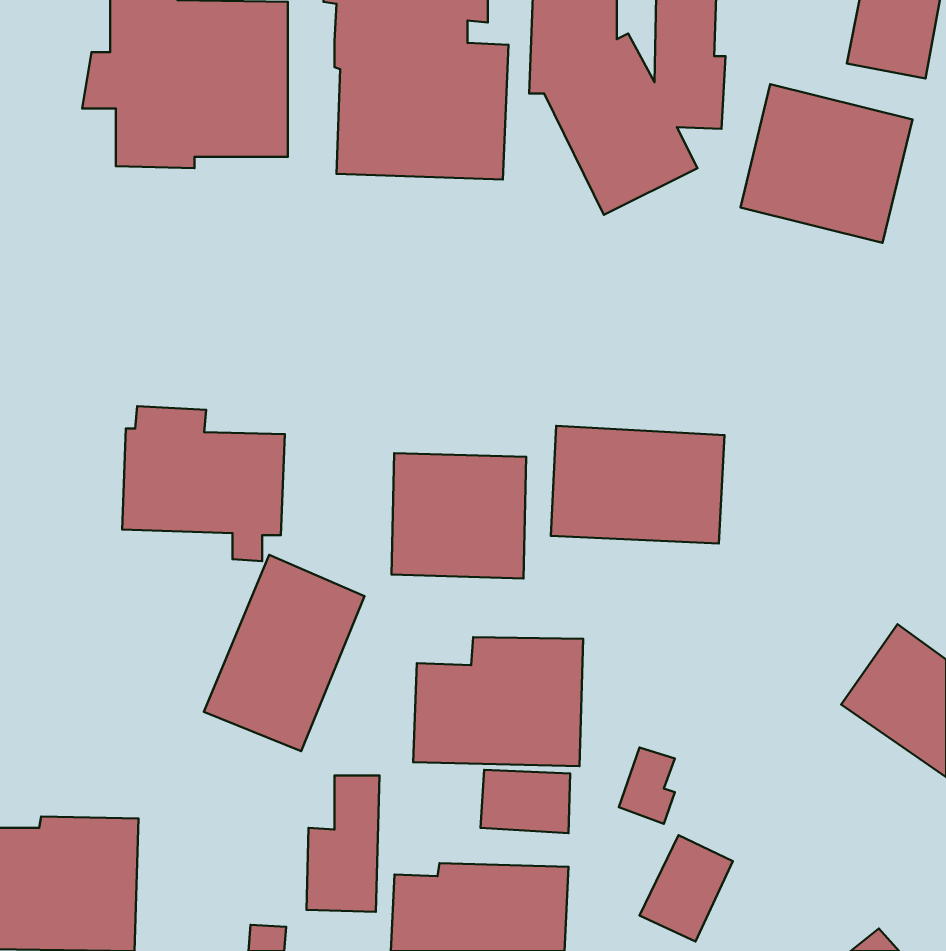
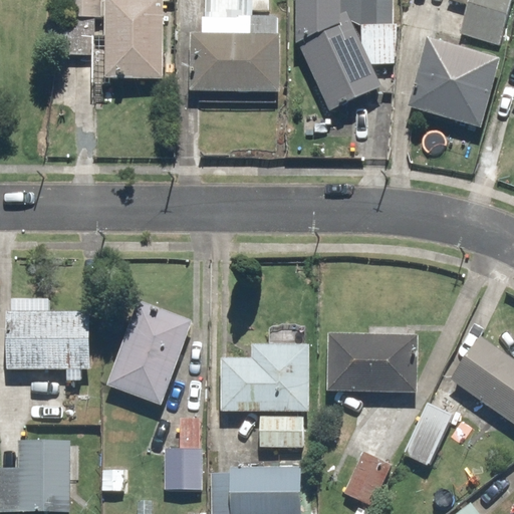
building: [122,406,285,561] -> [7,297,94,380]
building: [551,426,725,543] -> [328,329,422,393]
building: [392,453,526,578] -> none
building: none -> [403,402,454,466]

